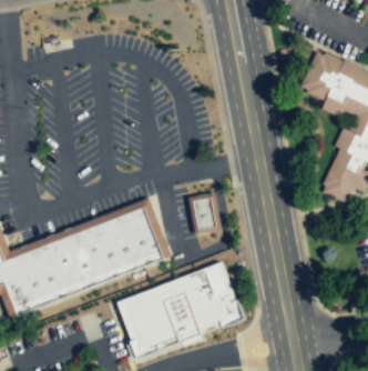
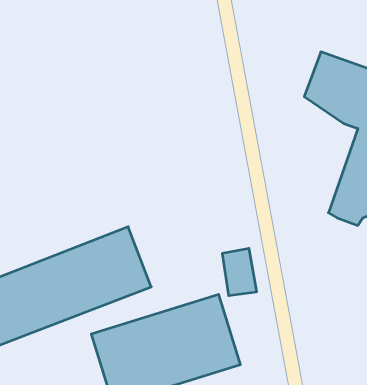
building: [188,192,218,233] -> [222,248,257,296]

